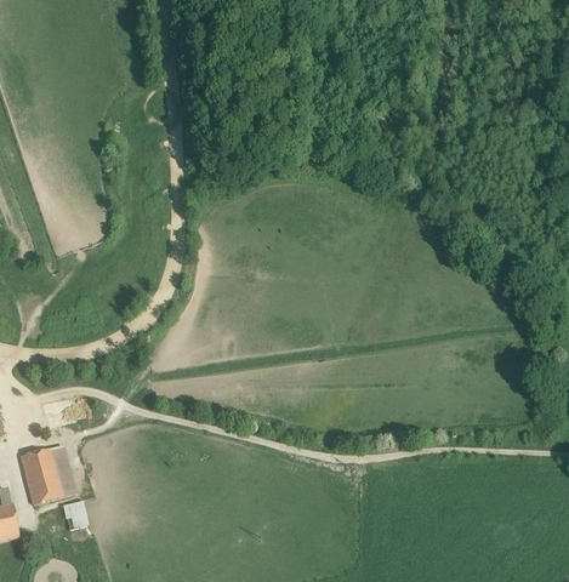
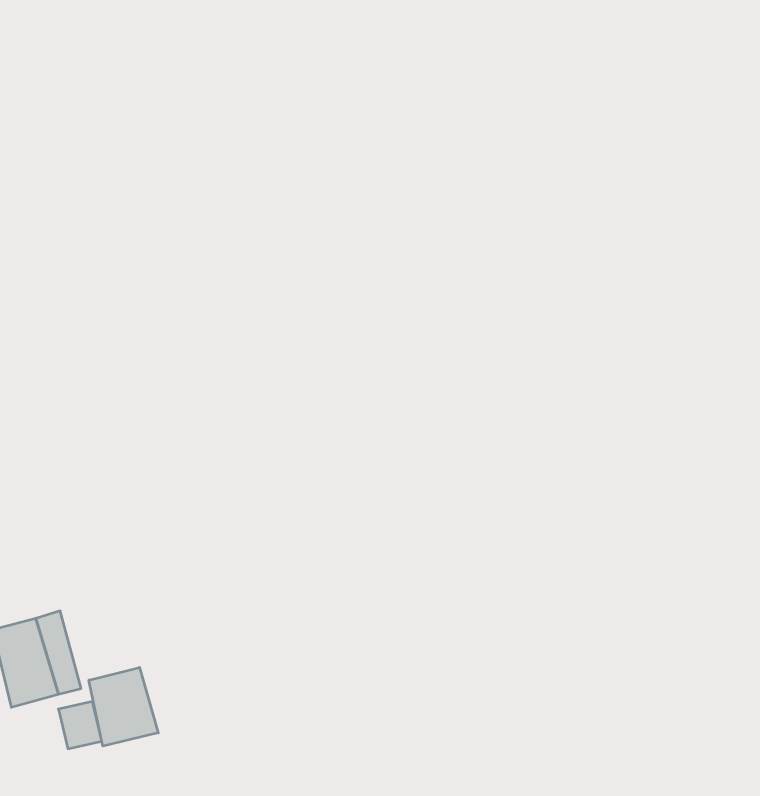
building: none -> [89,667,158,746]

